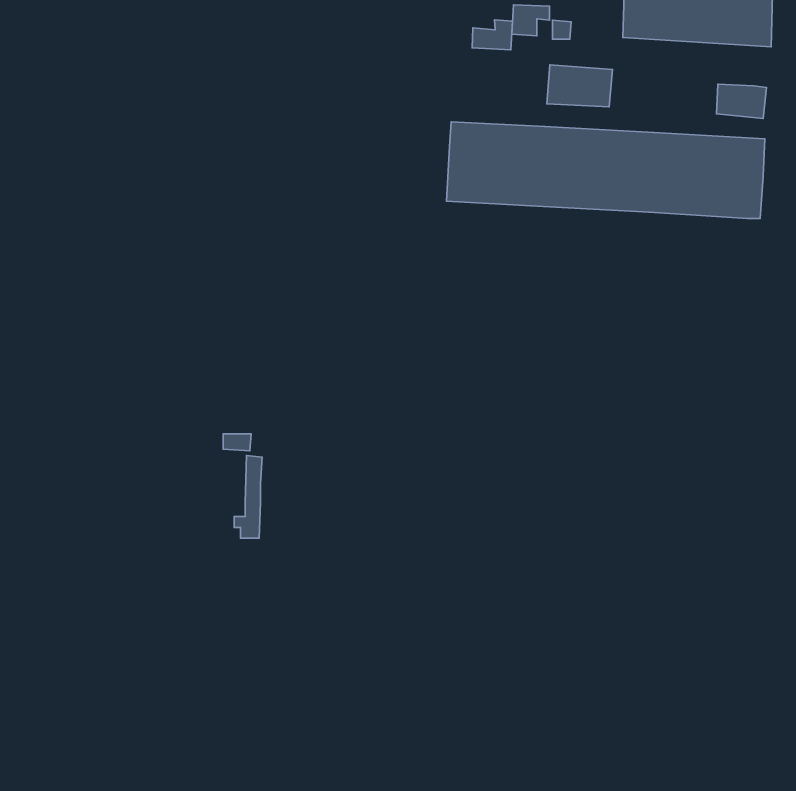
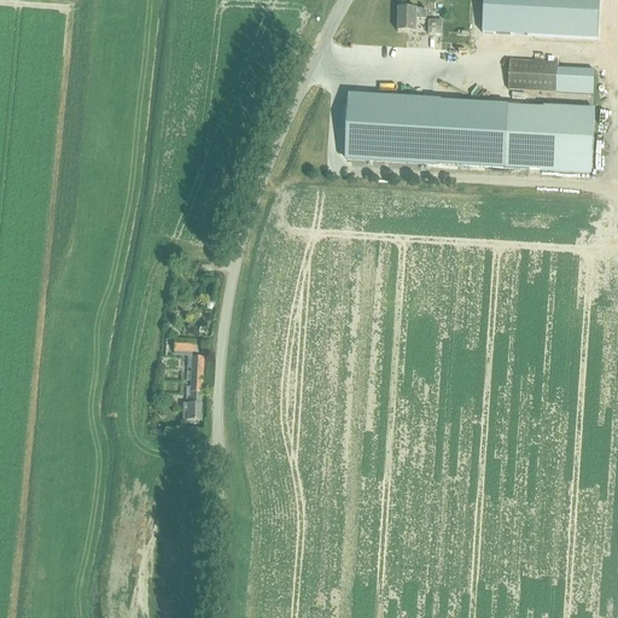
building: [472,20,513,50] -> none
building: [547,65,612,107] -> [506,56,556,88]

